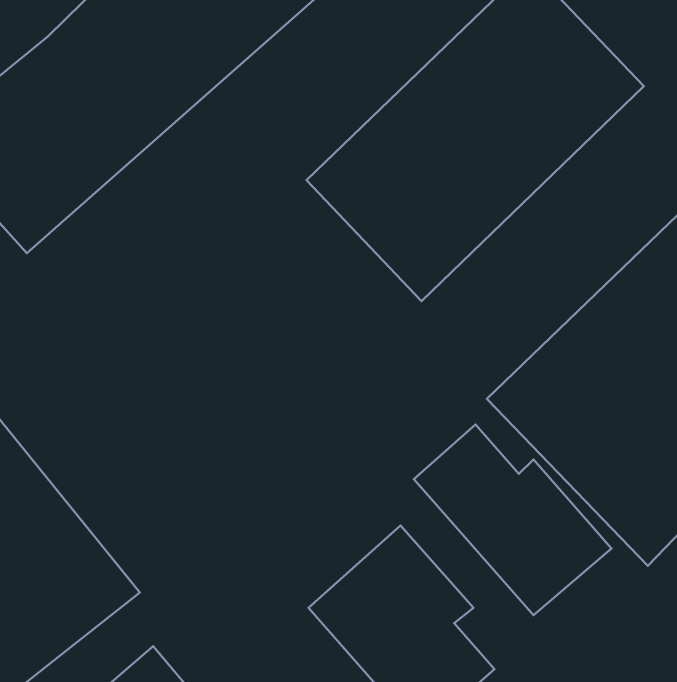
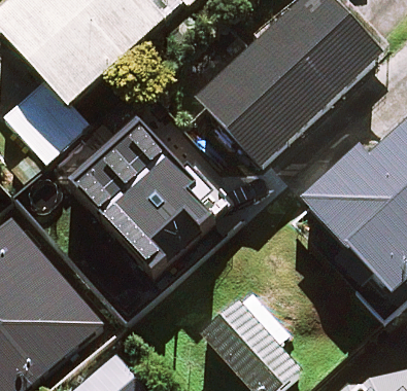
building: none -> [72,119,210,268]
building: [414,425,611,615] -> none

